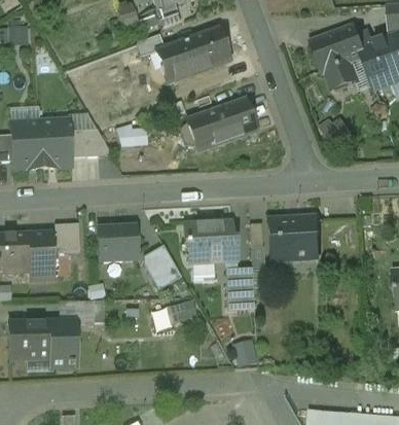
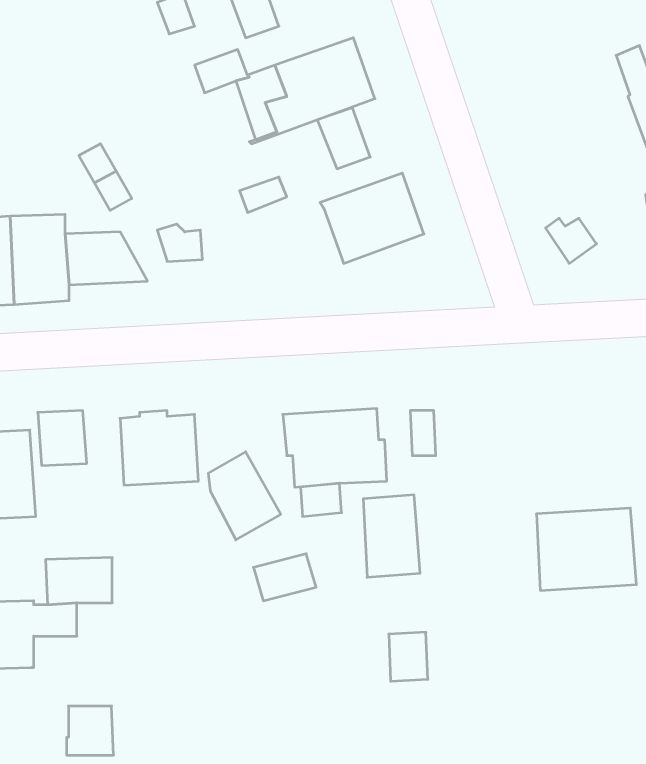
building: [312,26,364,90] -> none
building: [185,116,213,148] -> [317,108,370,169]
building: [266,216,319,259] -> [536,508,636,590]
building: [50,341,75,366] -> [67,706,114,755]

